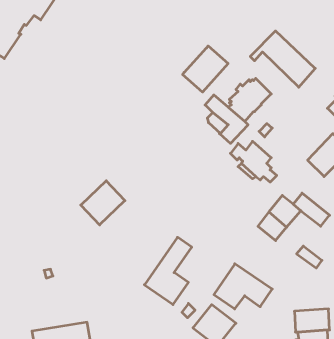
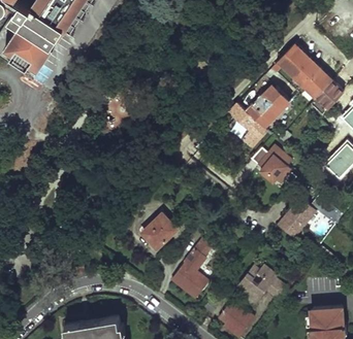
building: [183,46,228,92] -> none
building: none -> [310,79,342,113]
building: [81,181,125,225] -> [138,210,180,251]

